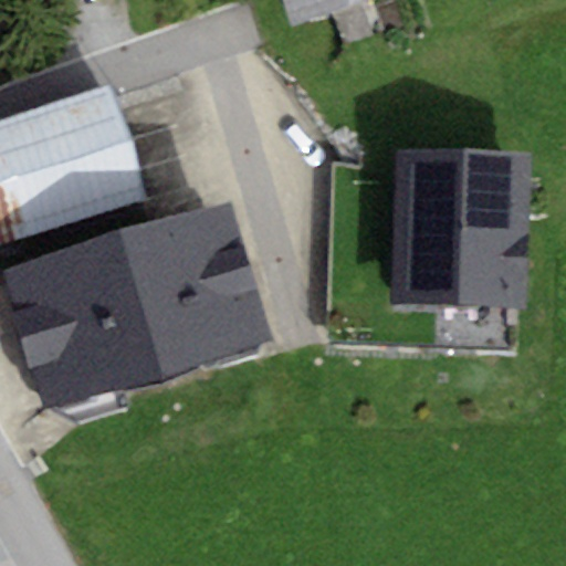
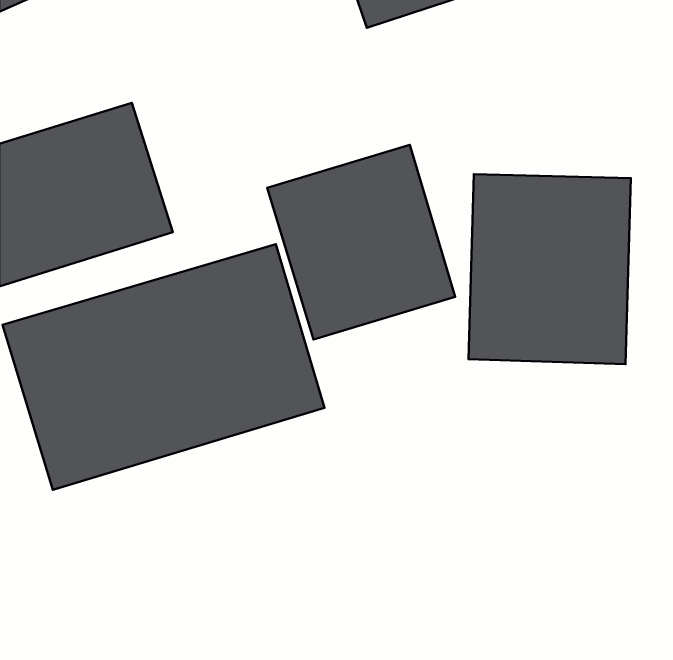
building: none -> [267,145,455,340]

